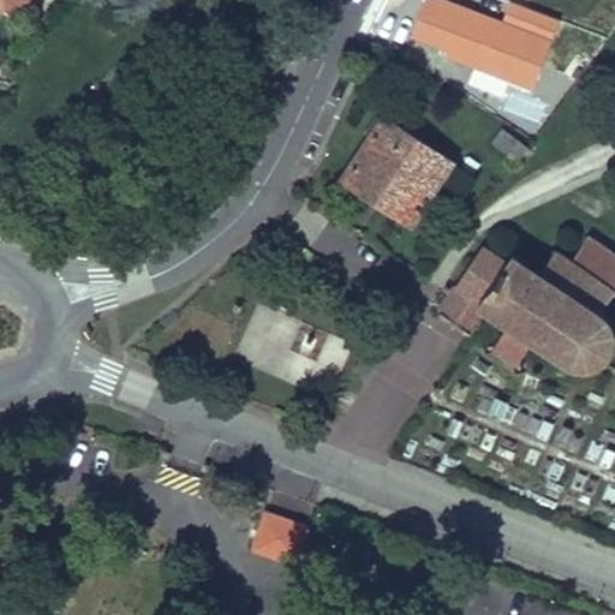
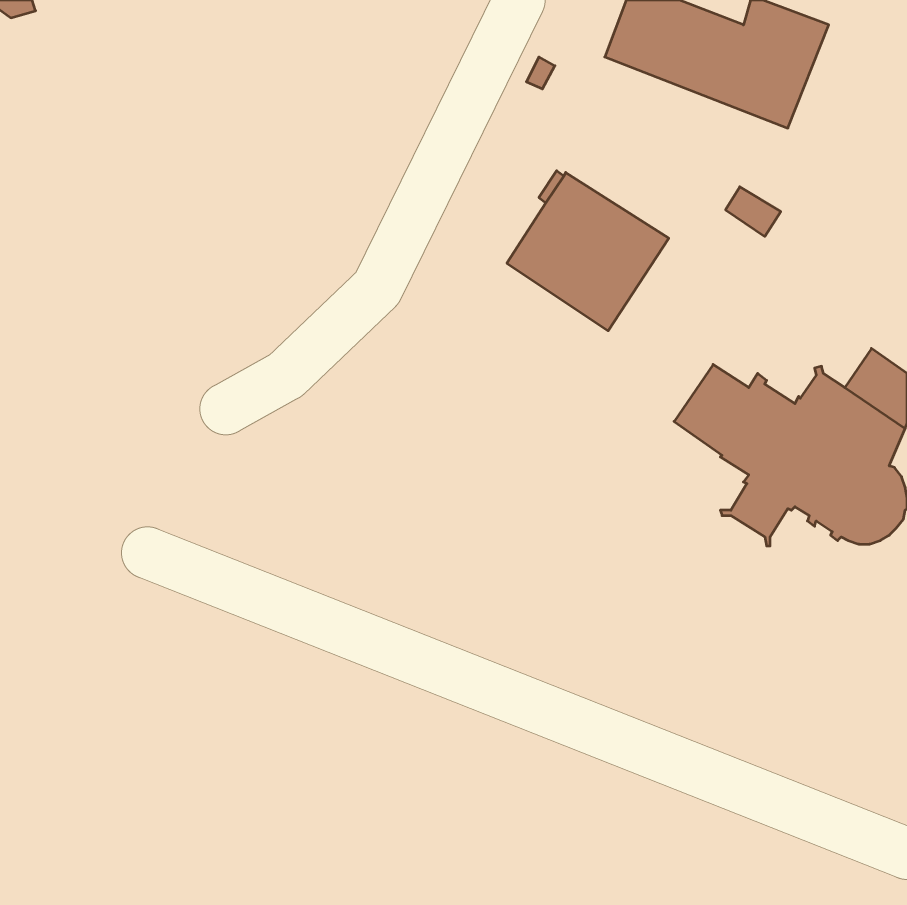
building: [438,287,488,334] -> none
building: [261,517,304,553] -> none

